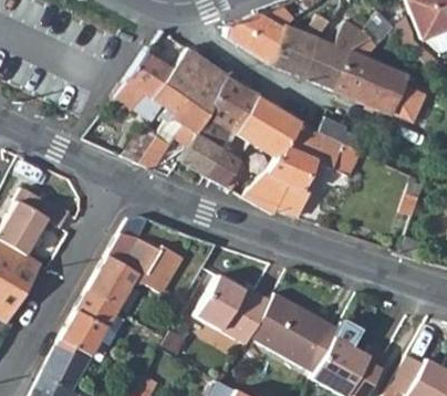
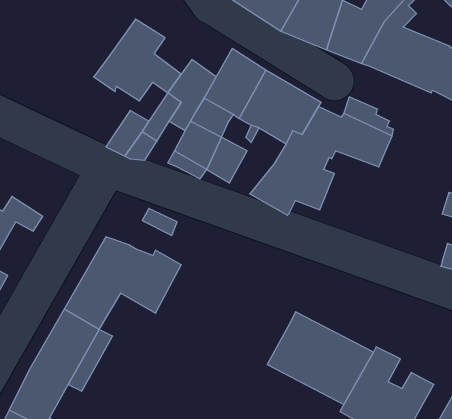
building: [160,46,226,101] -> none
building: [198,278,273,344] -> none

